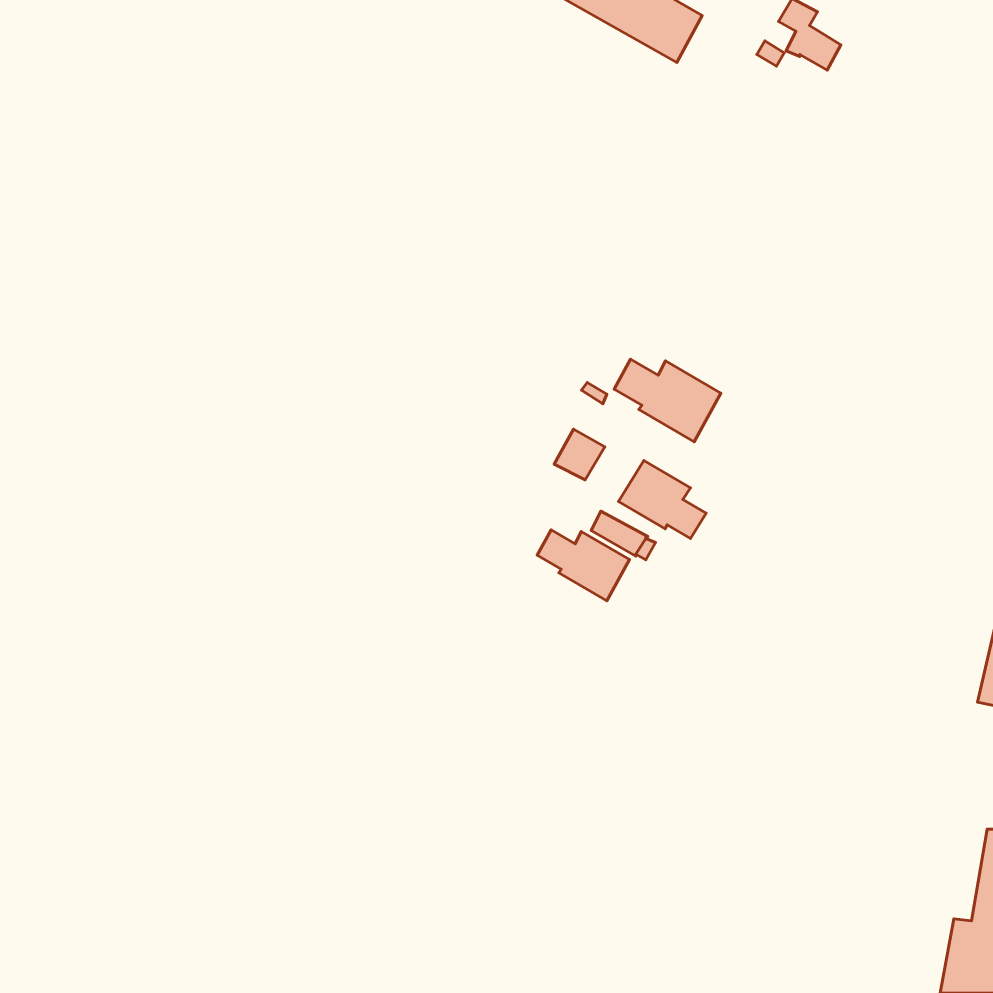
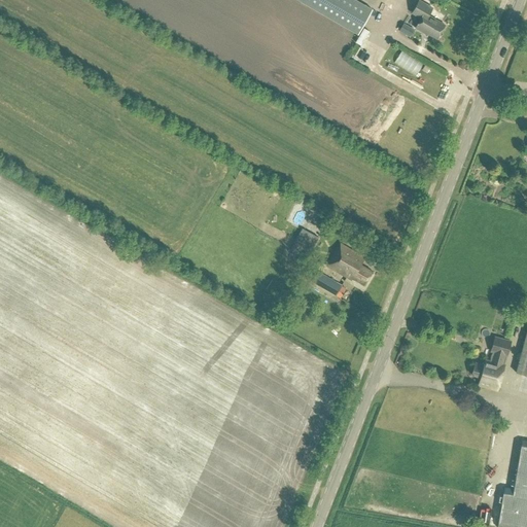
building: [614,359,721,442] -> none
building: [537,530,629,601] -> none
building: none -> [473,336,513,388]

